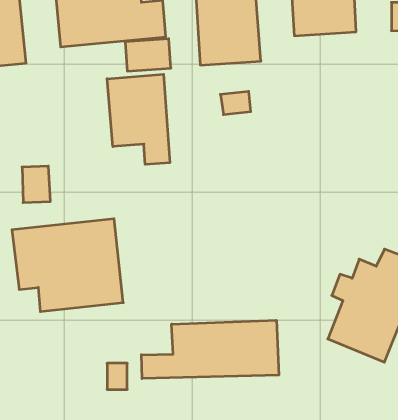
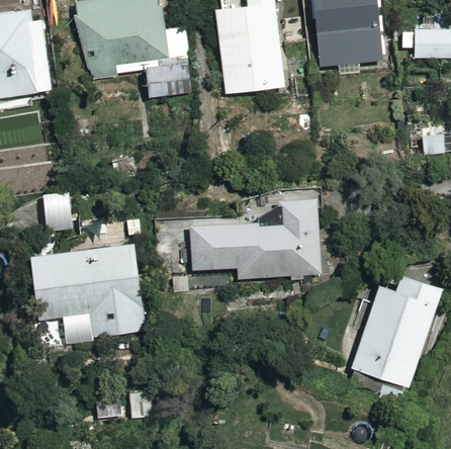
building: [107,74,170,164] -> none
building: none -> [191,195,322,276]
building: [141,320,279,379] -> none

